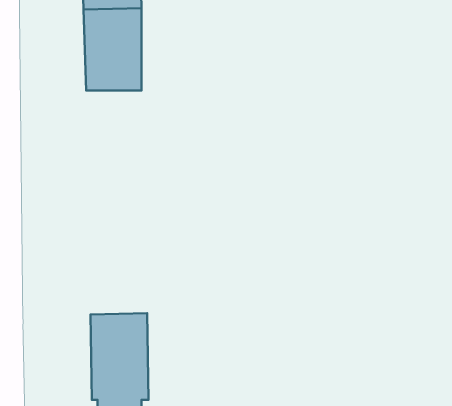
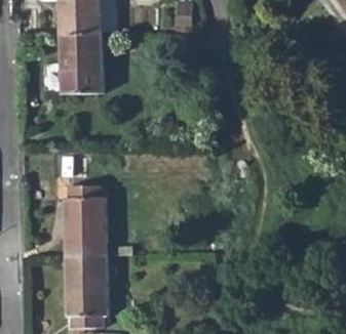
building: none -> [65,187,107,257]

